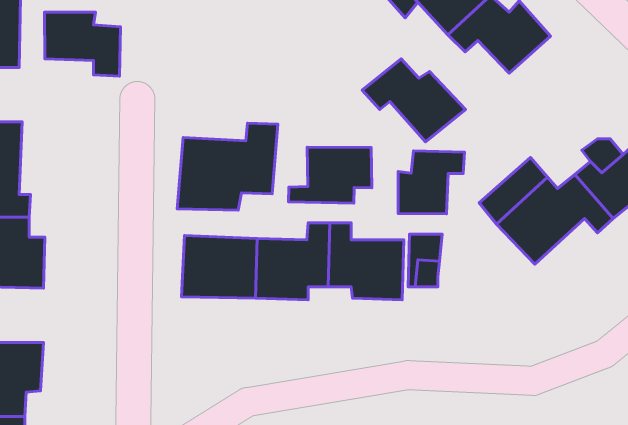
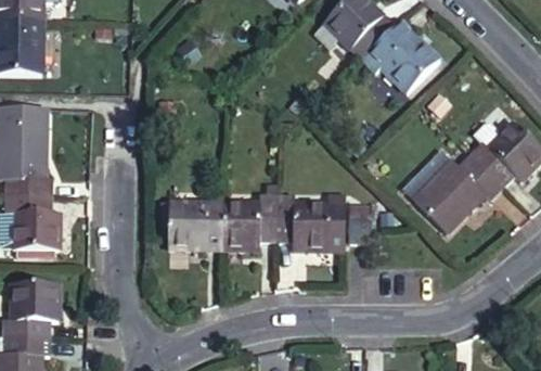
building: [45,12,120,76] -> none
building: [362,59,465,142] -> none
building: [177,123,278,210] -> none
building: [288,147,372,203] -> none
building: [398,151,464,214] -> none

